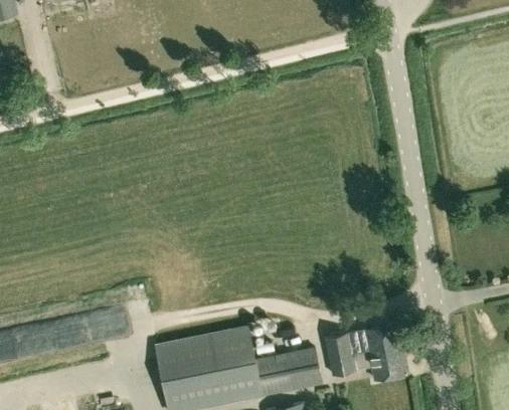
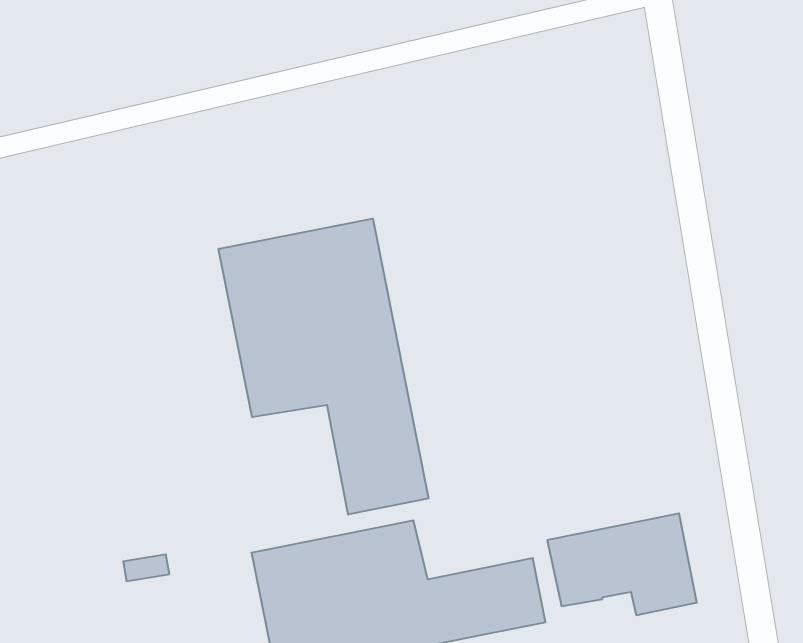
building: none -> [219,219,428,515]

